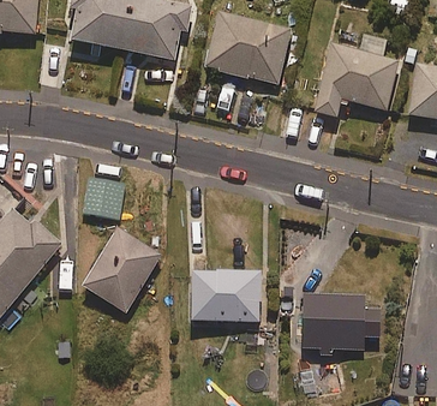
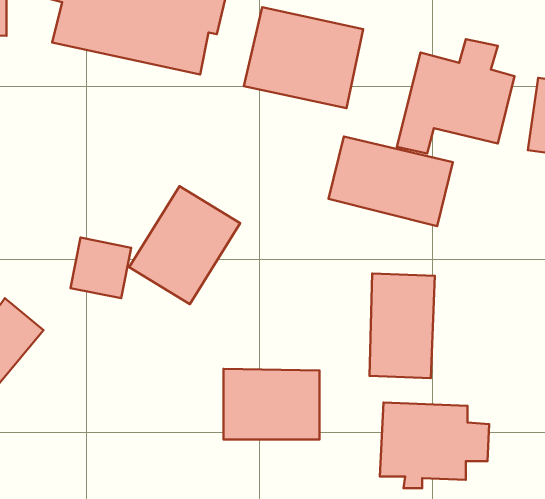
building: none -> [328,137,453,226]
building: none -> [369,273,435,378]
building: [82,228,161,312] -> [129,186,240,304]

